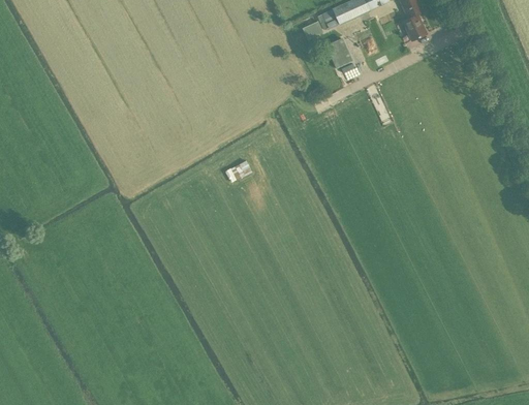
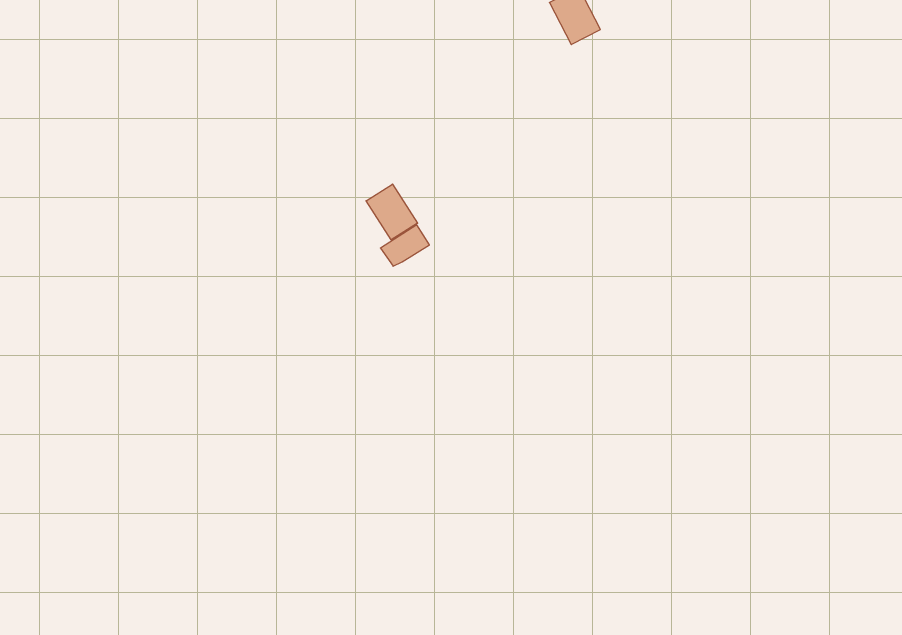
building: none -> [366,184,418,240]

